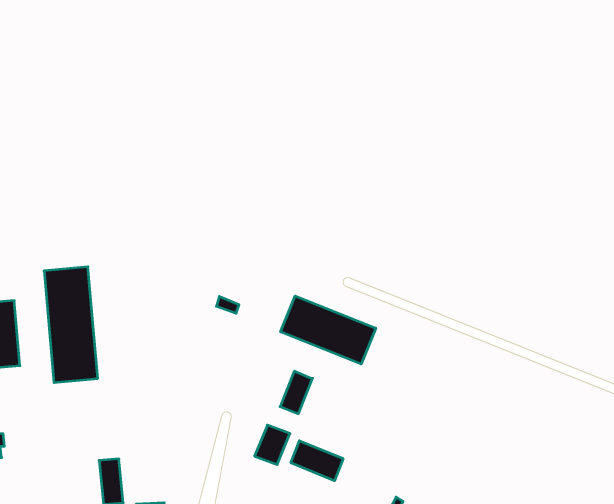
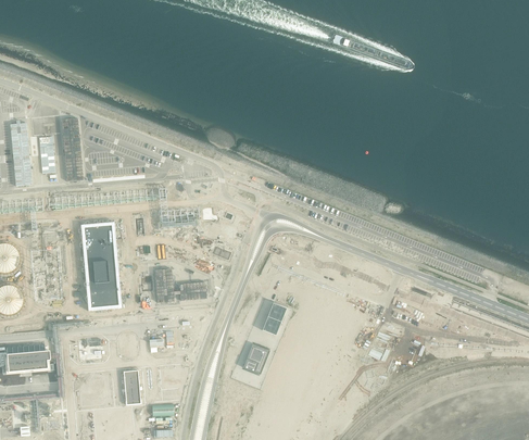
building: [281,296,376,364] -> none
building: [291,441,343,481] -> none

